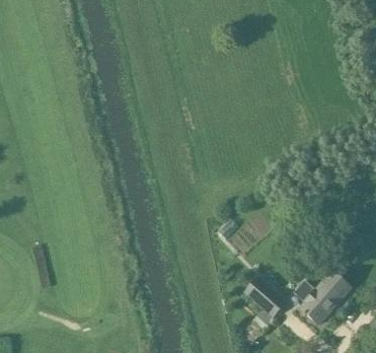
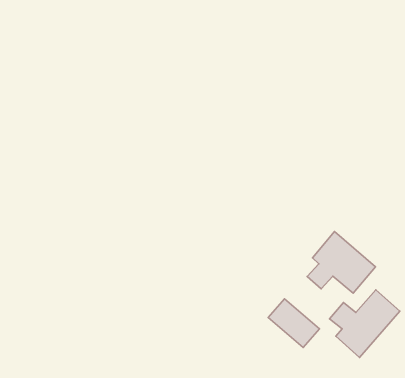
building: none -> [307,232,376,293]

